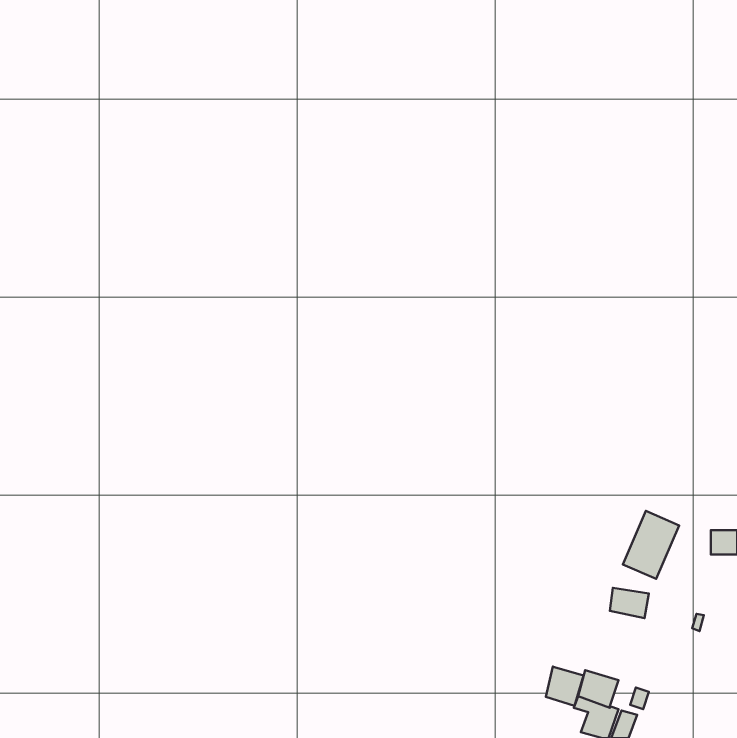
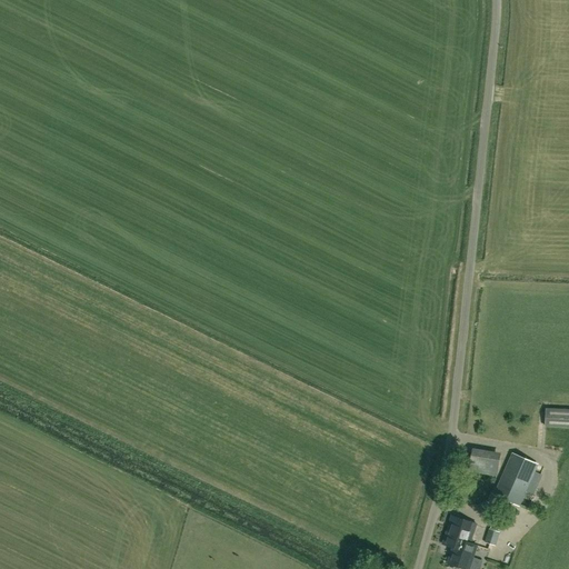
building: [623,511,679,579] -> [493,453,537,506]
building: [546,667,584,706] -> none

